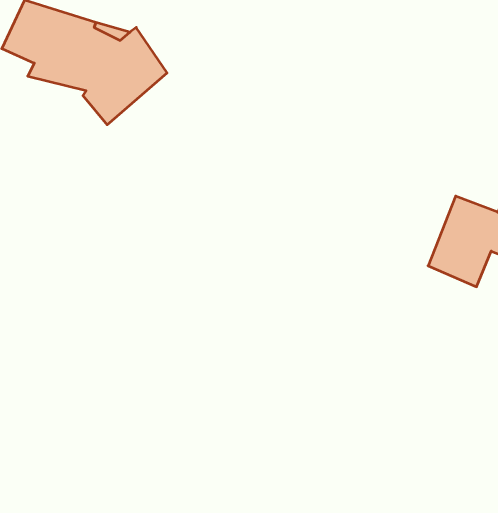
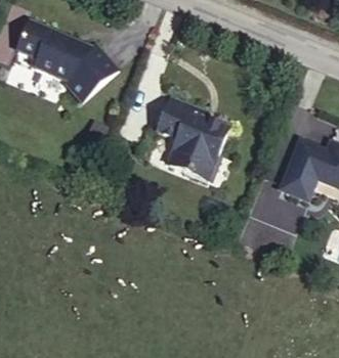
building: none -> [152,97,224,181]

